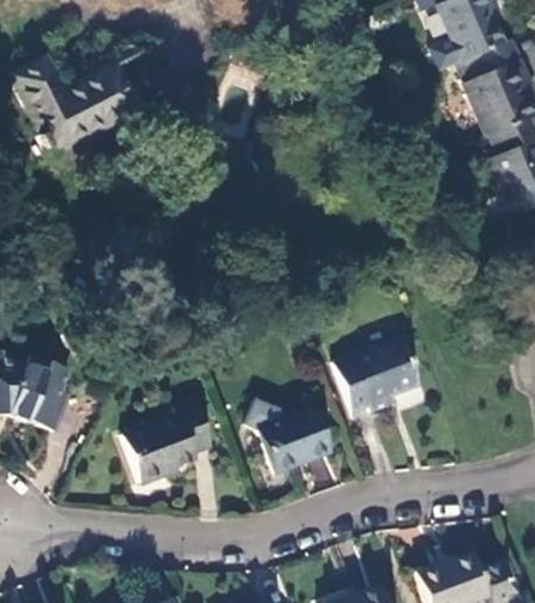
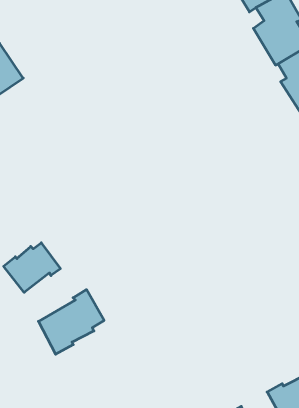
building: none -> [4,243,60,292]
building: [335,338,419,422] -> none
building: [256,408,330,475] -> none

